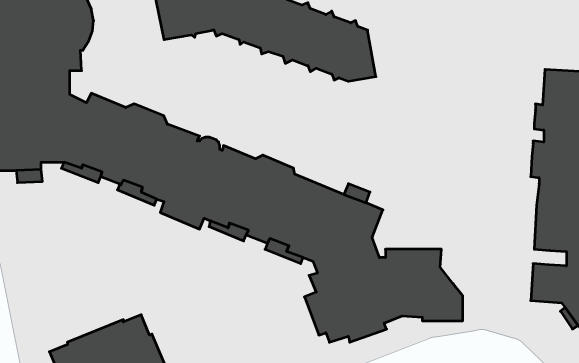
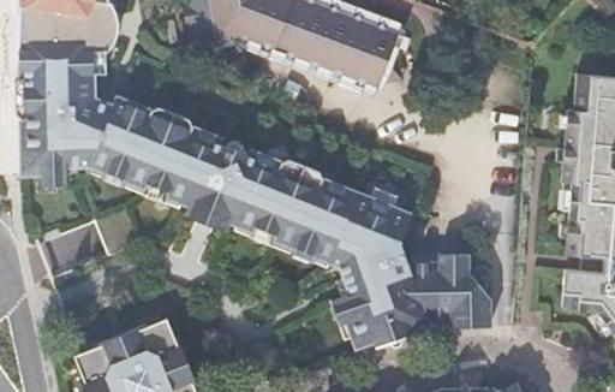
building: none -> [47,219,111,272]

